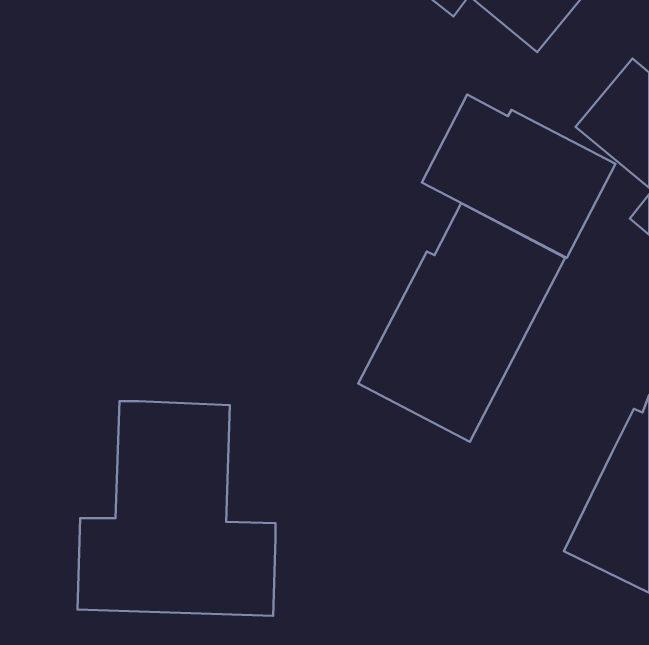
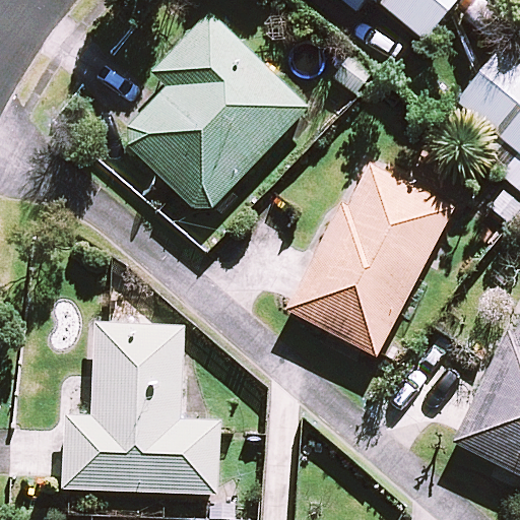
building: none -> [126,11,309,206]
building: [422,95,615,258] -> none

